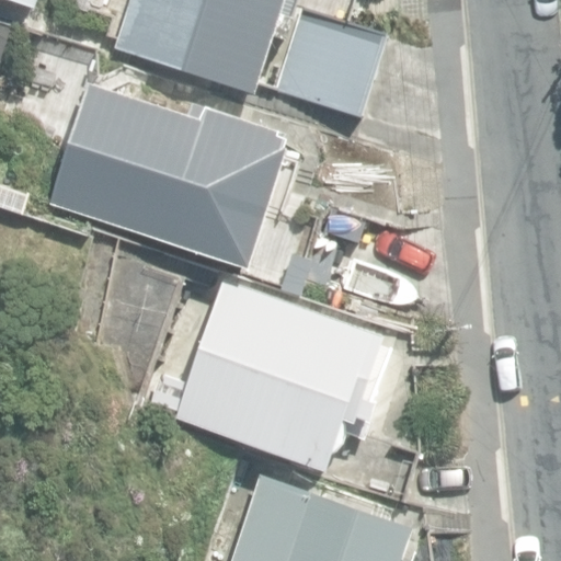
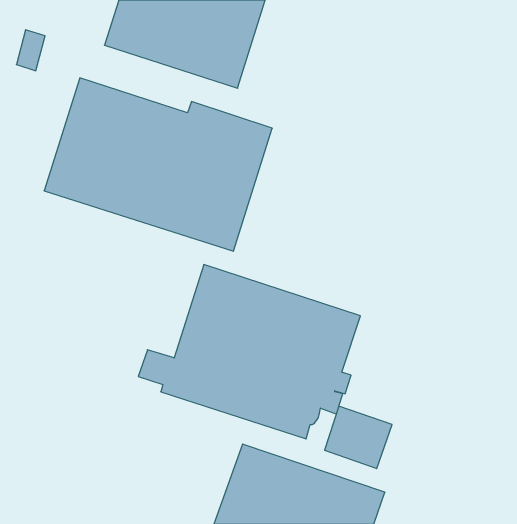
building: [274,9,387,118] -> none

